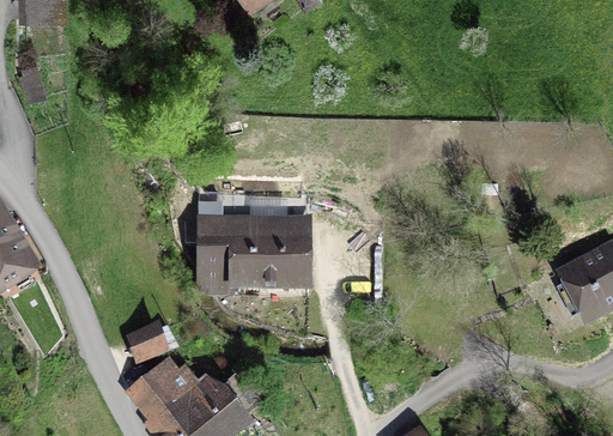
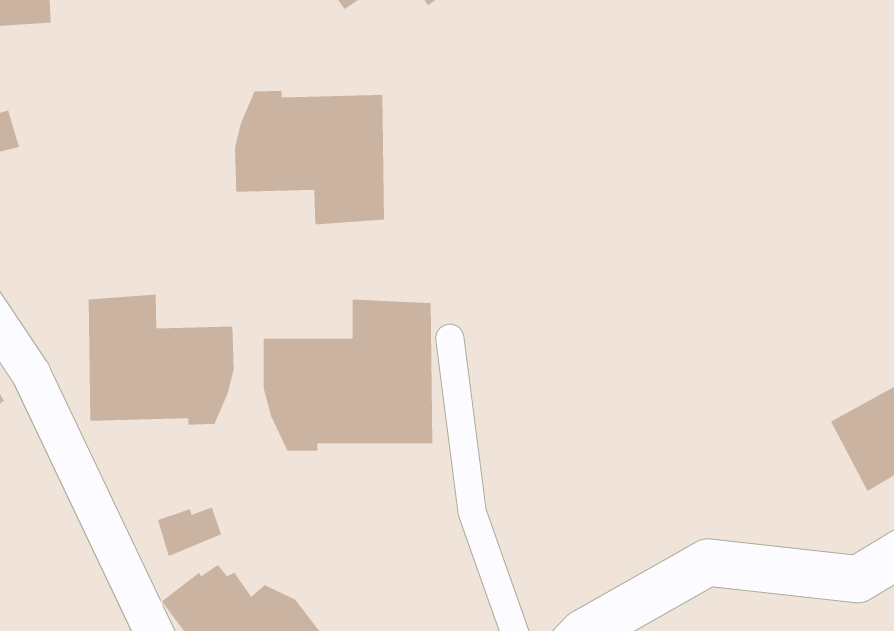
building: none -> [235,90,385,225]
building: none -> [88,294,234,425]

